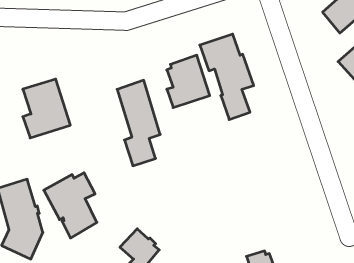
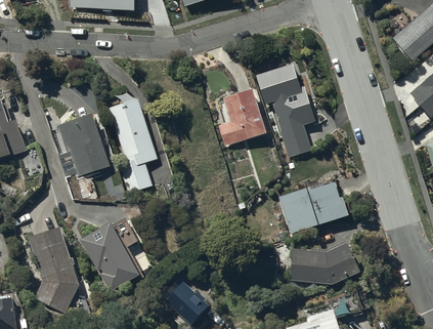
building: [117,80,160,166] -> [110,97,158,193]
building: none -> [278,180,348,234]
building: none -> [289,239,359,284]

